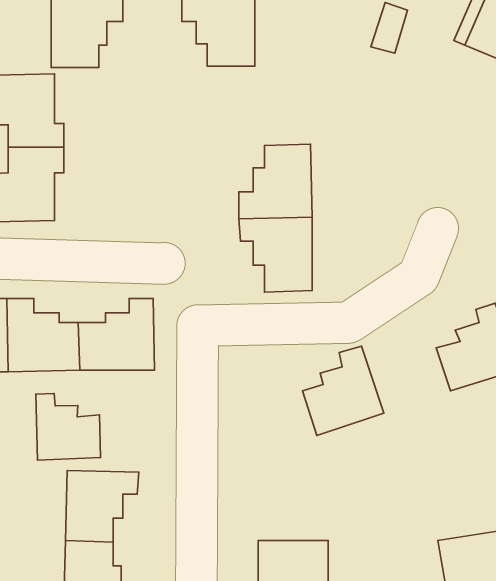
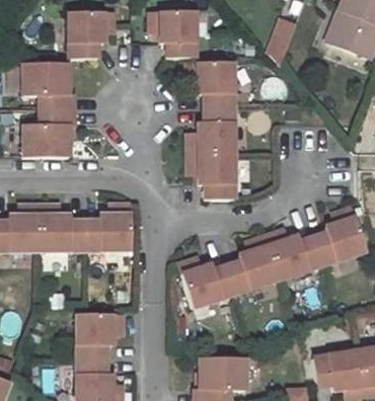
building: none -> [188,61,233,107]
building: none -> [266,230,322,277]
building: none -> [178,257,237,306]
building: [36,394,100,460] -> none

